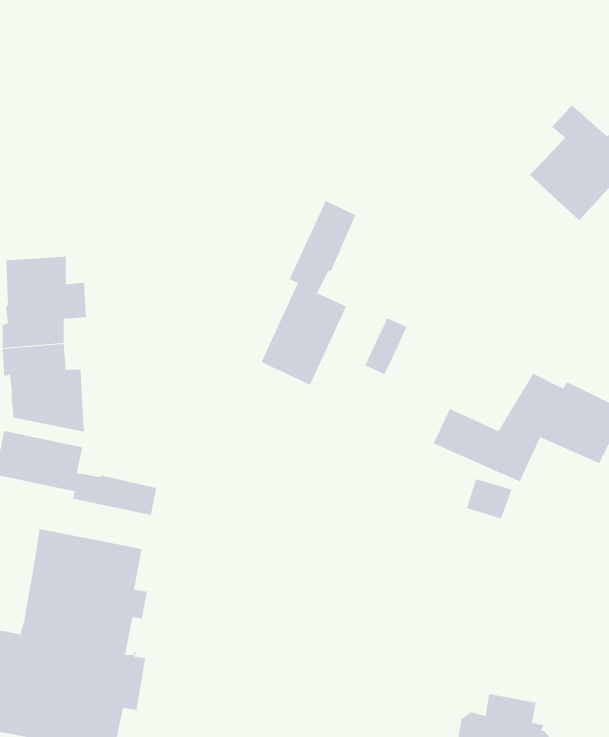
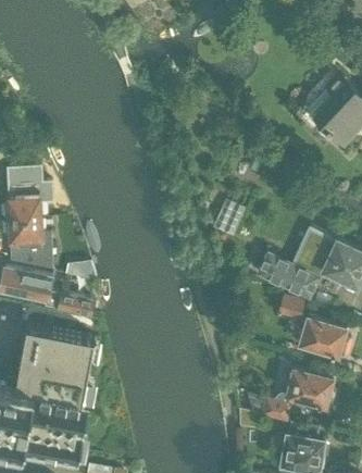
building: [261,200,356,385] -> none
building: none -> [299,316,348,356]
building: none -> [247,369,335,419]

